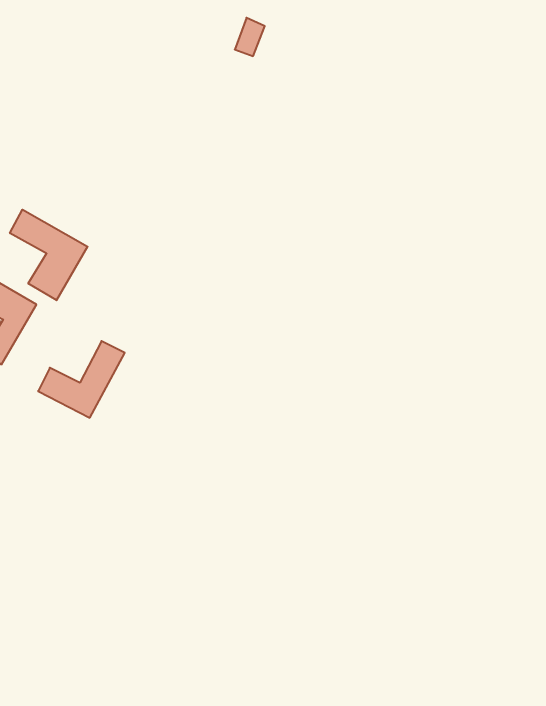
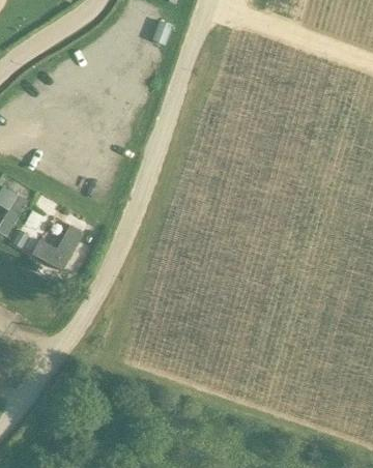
building: [10,210,88,300] -> none

